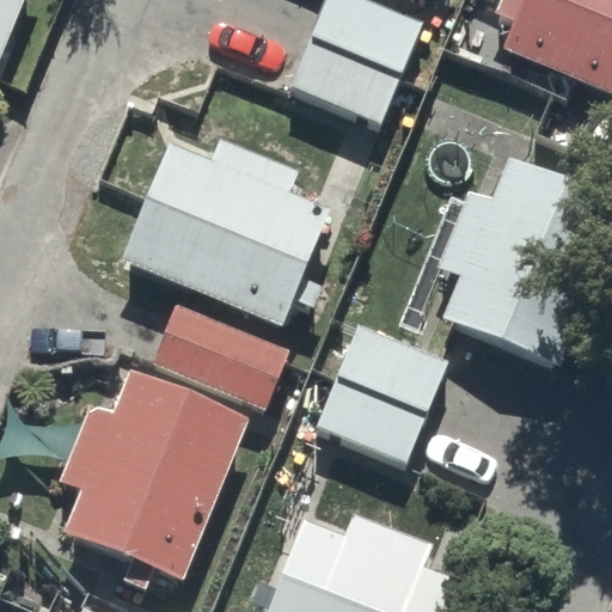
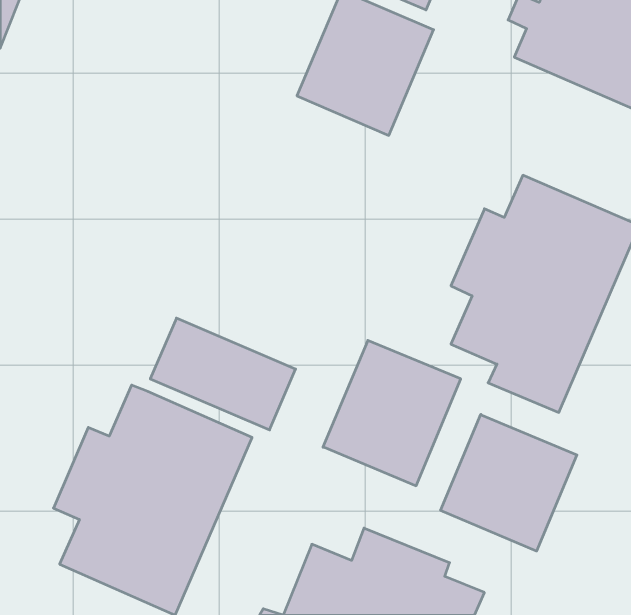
building: [118,146,329,337] -> none
building: none -> [441,414,577,551]

